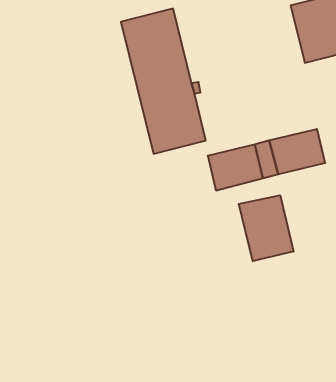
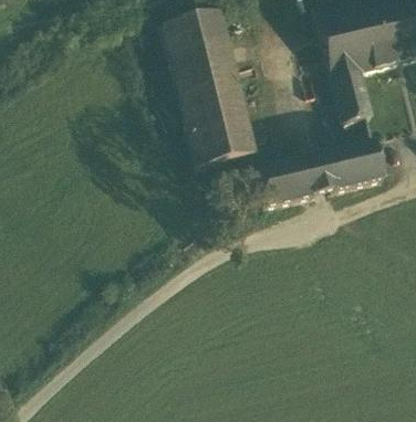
building: none -> [316,7,374,120]
building: [239,195,294,261] -> none

